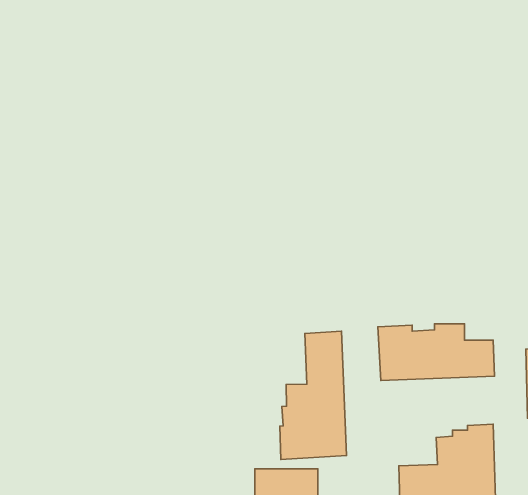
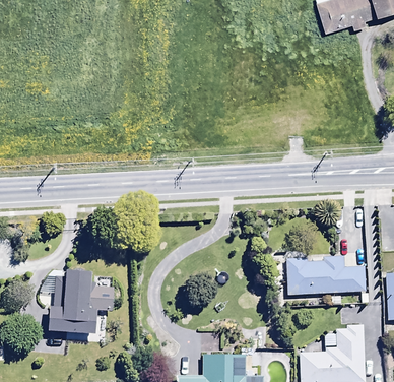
building: [280,331,346,459] -> none
building: none -> [49,269,115,332]

